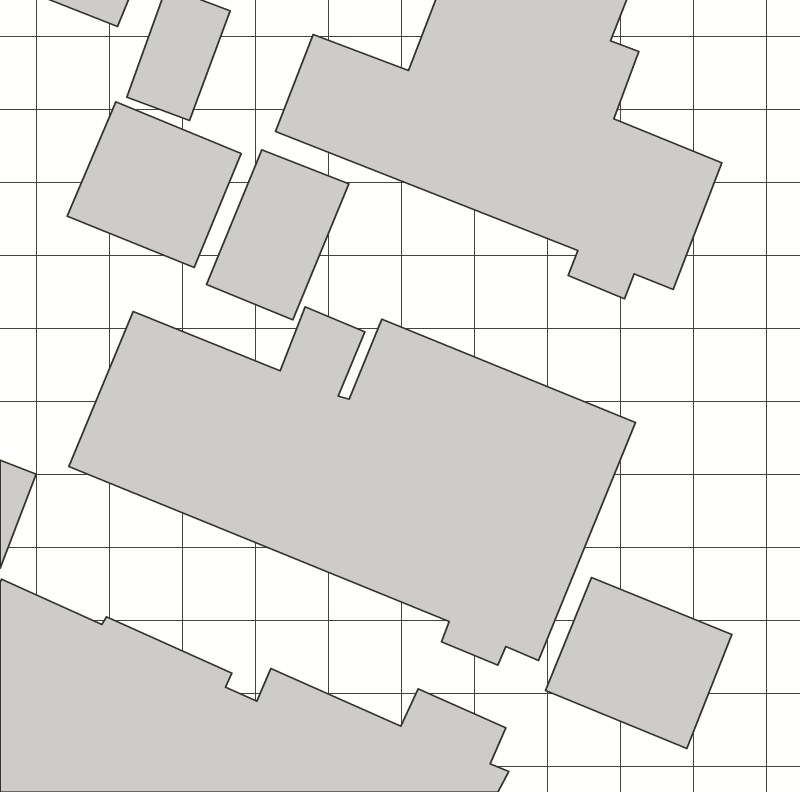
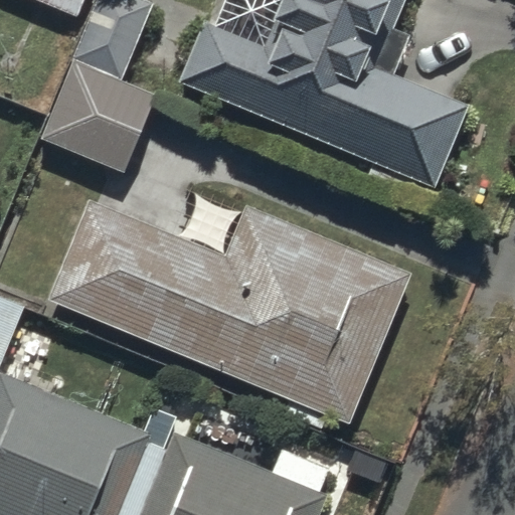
building: [207,150,349,320] -> none
building: [545,577,732,749] -> none

